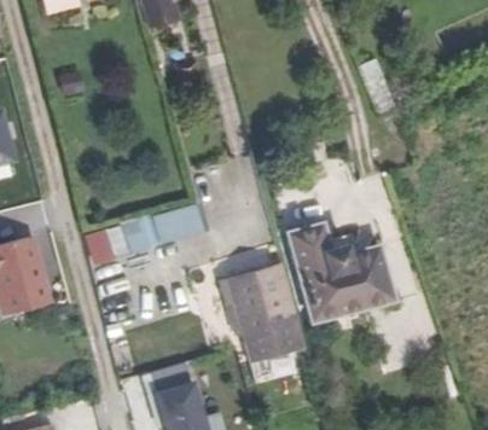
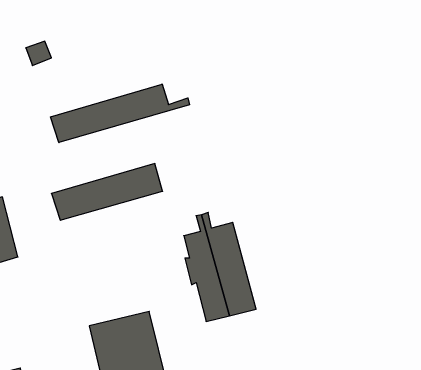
building: none -> [51,84,189,143]
building: [290,223,391,319] -> none

